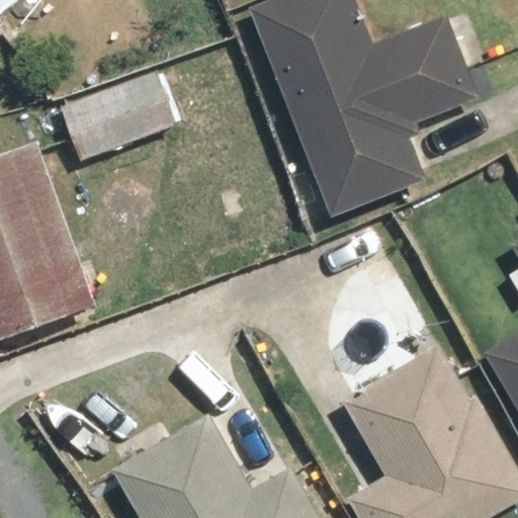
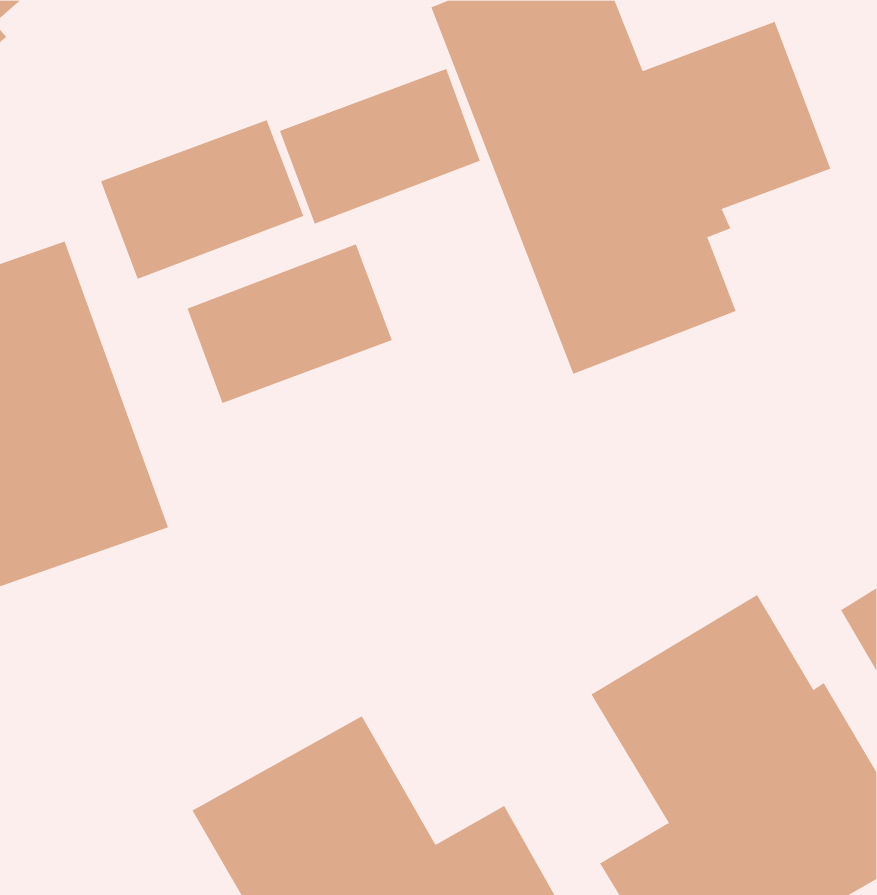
building: none -> [279,68,481,225]
building: none -> [187,244,393,404]

